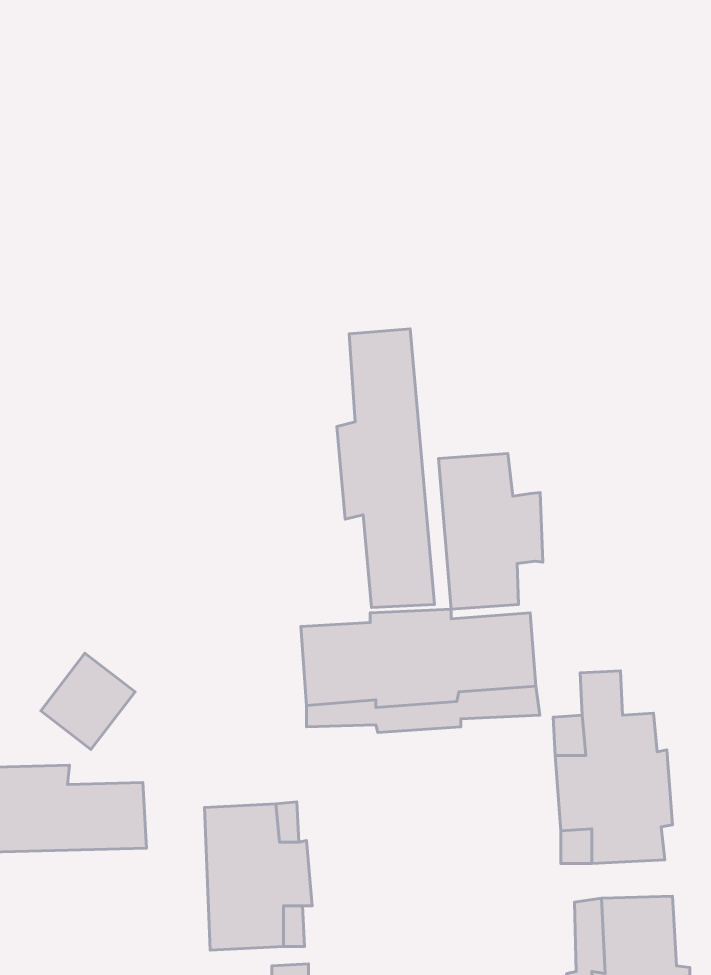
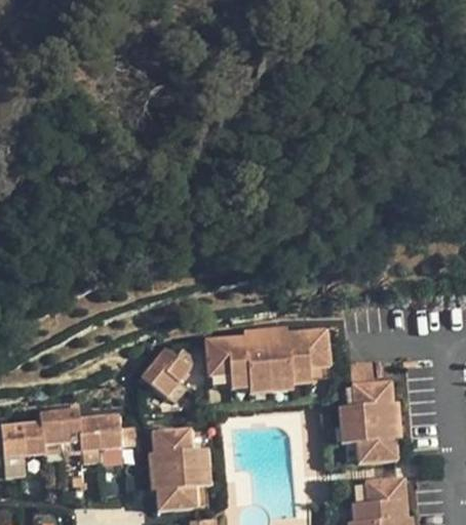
building: [337,329,435,607] -> none
building: [439,453,543,609] -> none
building: [41,653,135,750] -> [142,347,192,398]

